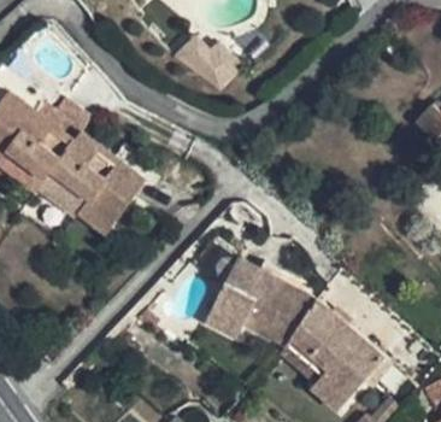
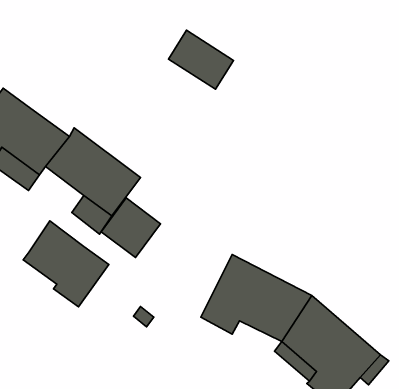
building: [35,96,90,139] -> none
building: none -> [101,198,161,257]
building: none -> [23,221,109,307]

